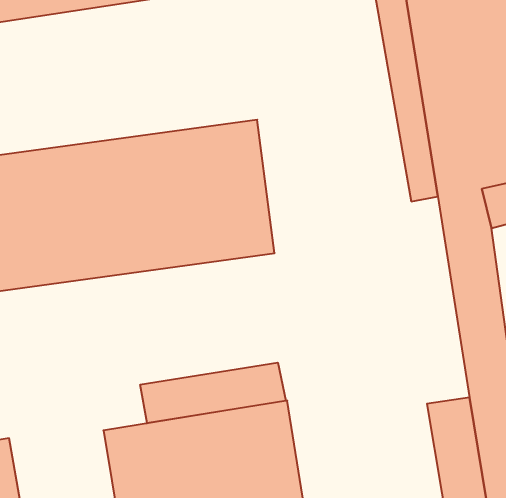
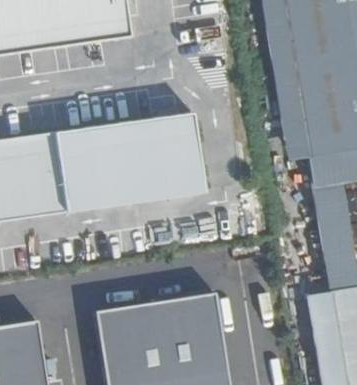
building: [140,363,286,423] -> none

